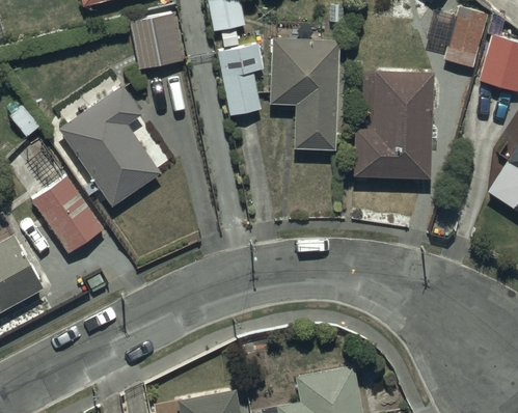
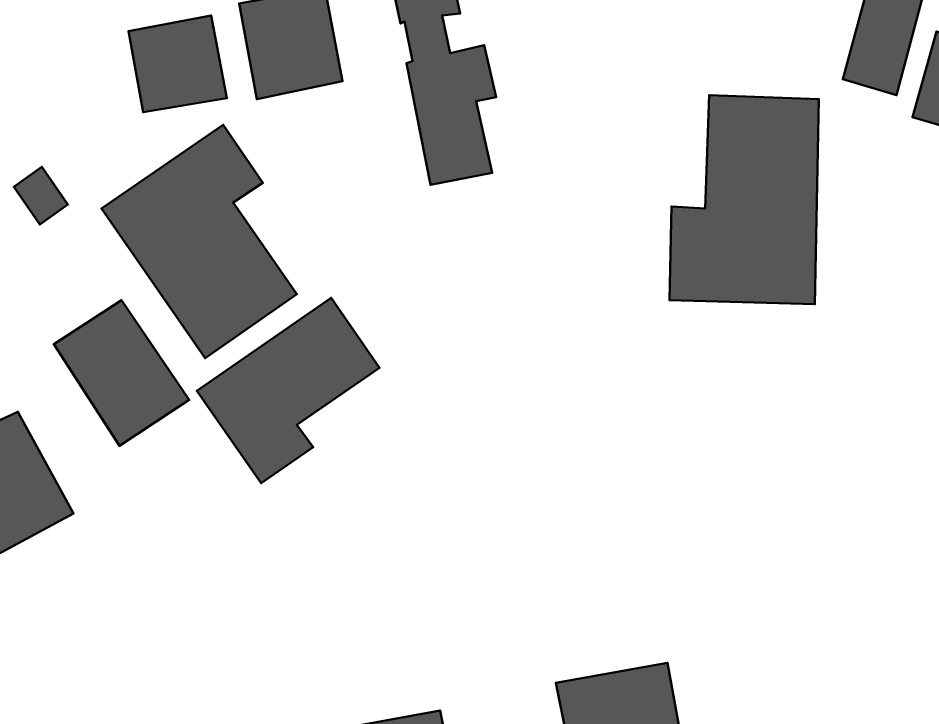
building: none -> [128,15,227,112]
building: [269,37,339,150] -> none
building: none -> [197,298,379,483]

